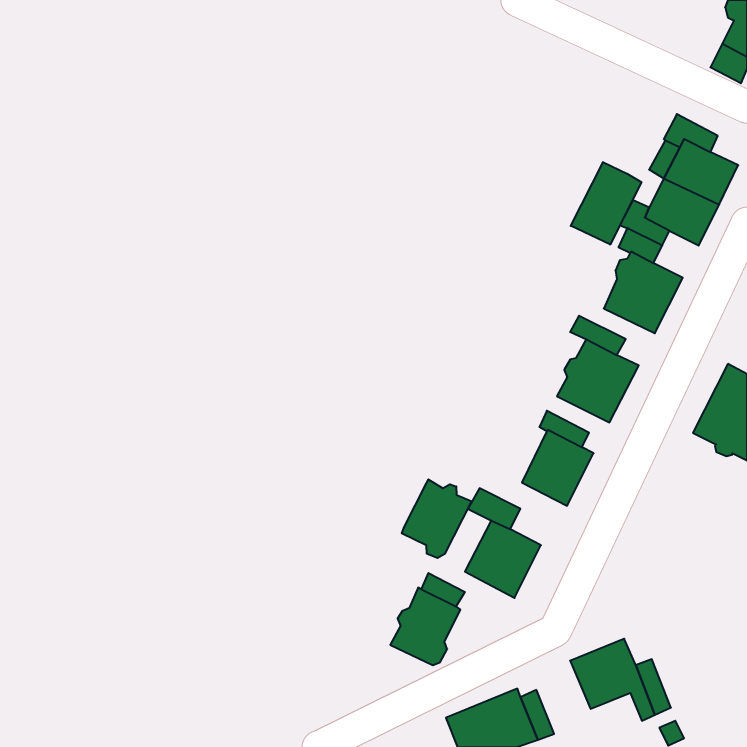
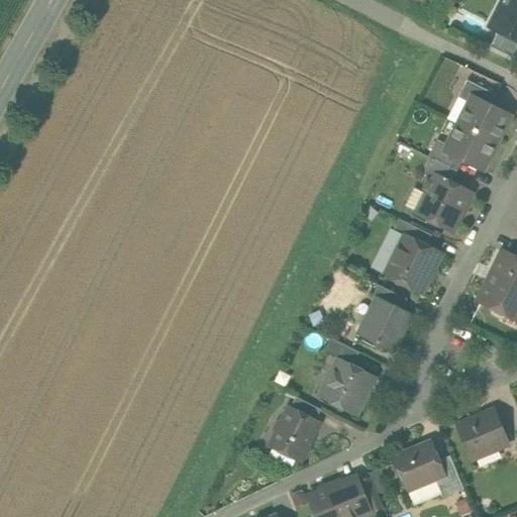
building: [571,162,641,245] -> none
building: [402,479,472,558] -> none
building: none -> [457,410,508,458]

